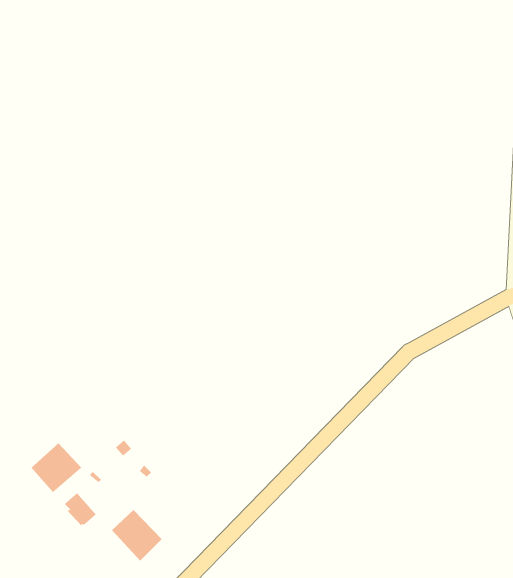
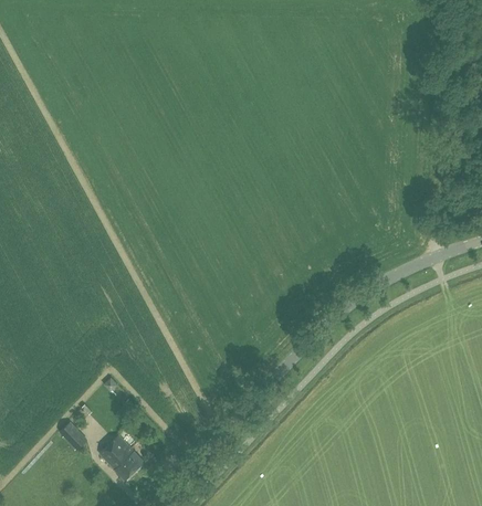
building: [31,443,82,493] -> none

